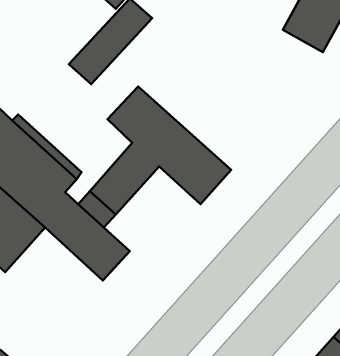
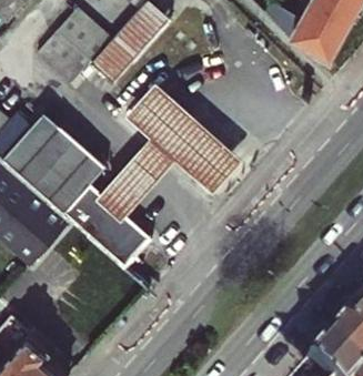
building: none -> [33,10,108,84]

